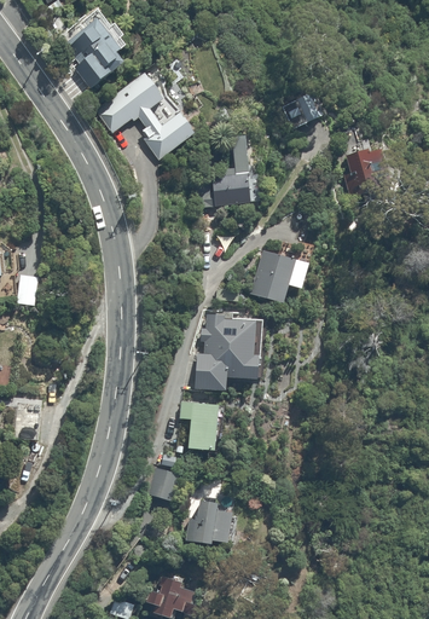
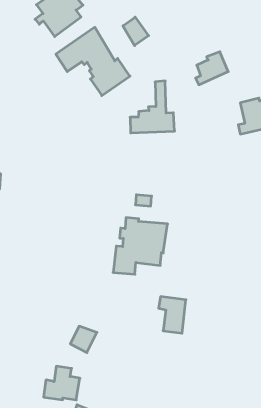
building: none -> [123,17,149,46]
building: [250,249,303,301] -> none
building: [180,401,215,447] -> [159,297,186,333]
building: [186,497,232,540] -> [44,366,80,400]

